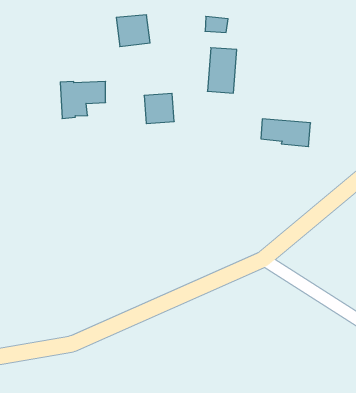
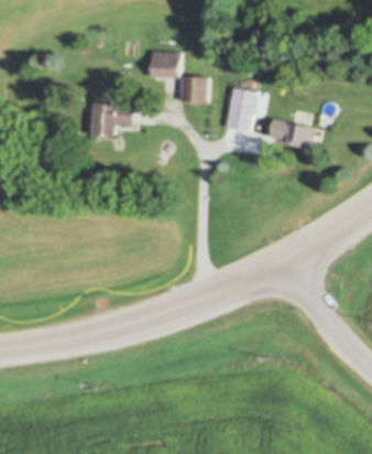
building: [144,93,174,124] -> [182,77,208,104]
building: [261,119,311,147] -> [271,120,317,150]

